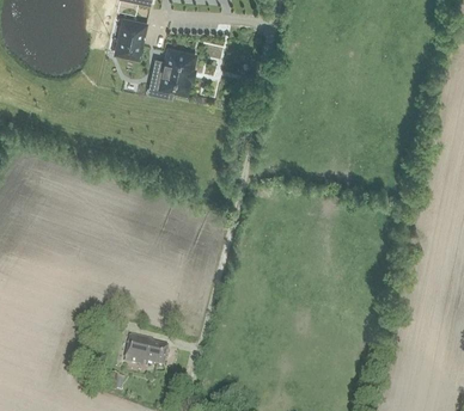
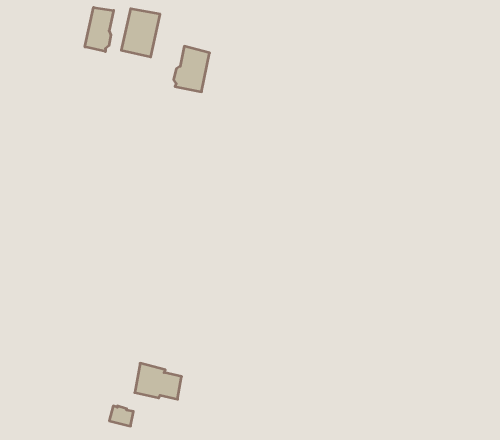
building: none -> [85,7,114,52]

